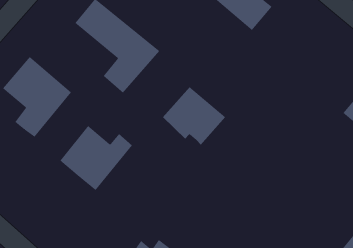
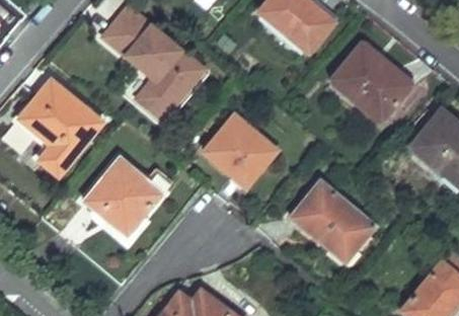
building: none -> [330,43,407,120]
building: none -> [292,177,375,252]

